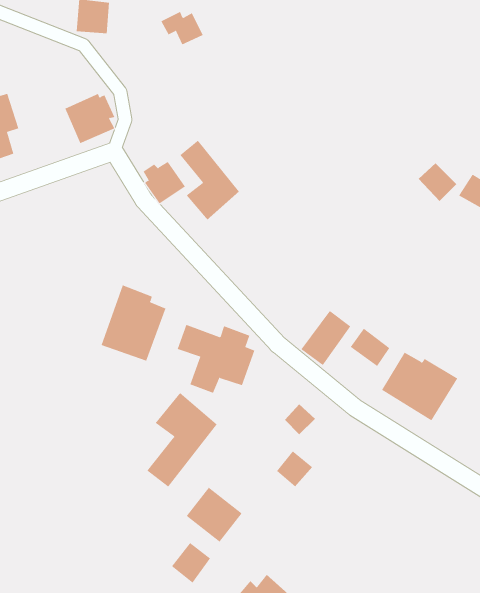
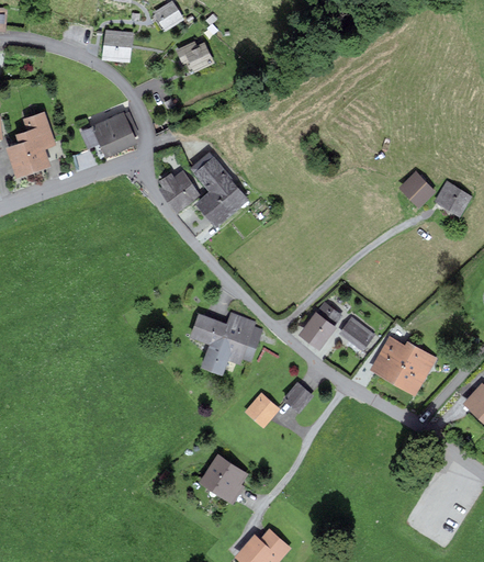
building: [101,285,166,361] -> none
building: [147,392,217,488] -> none
building: [276,451,313,487] -> [247,393,279,425]
building: [171,542,211,584] -> none

